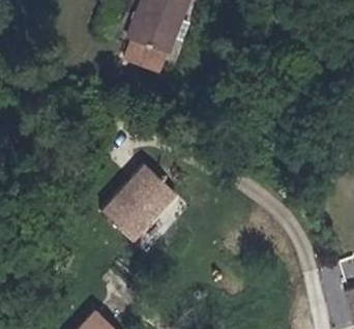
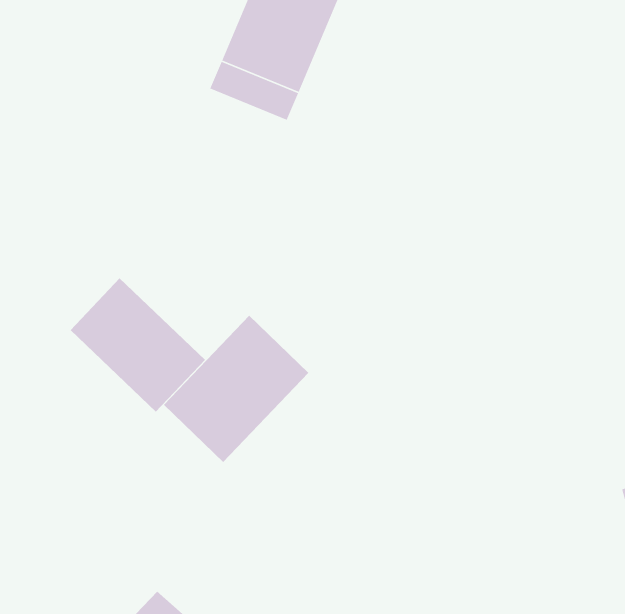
building: none -> [70,277,206,412]

